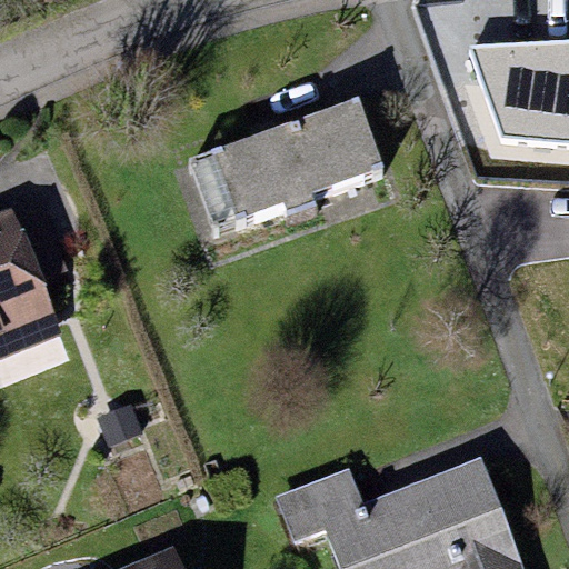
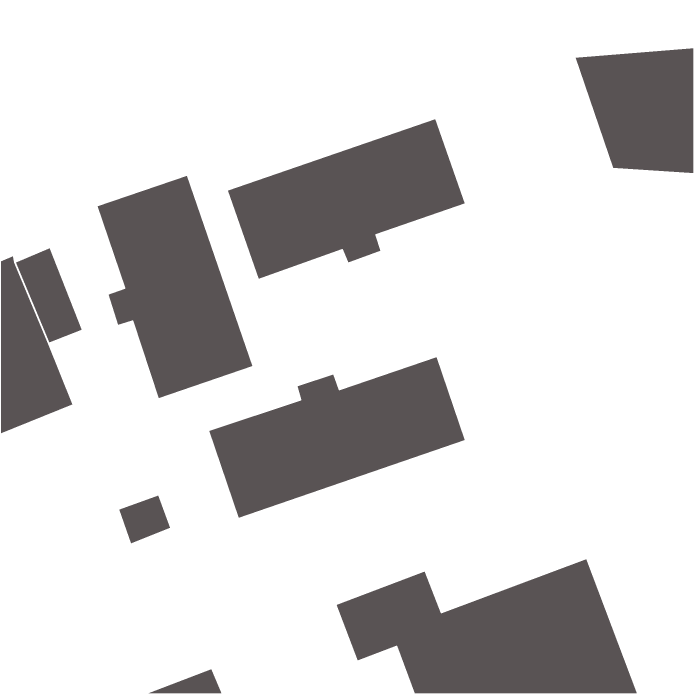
building: none -> [97,175,254,399]
building: none -> [208,356,466,519]

